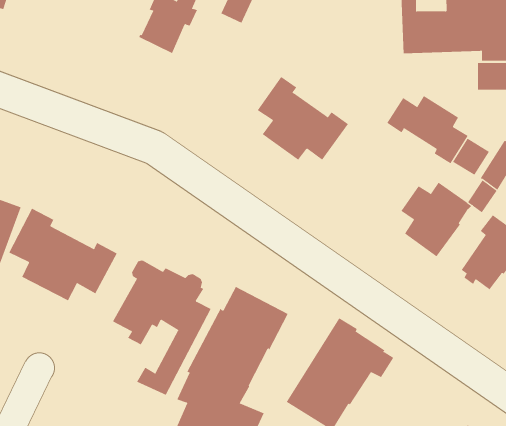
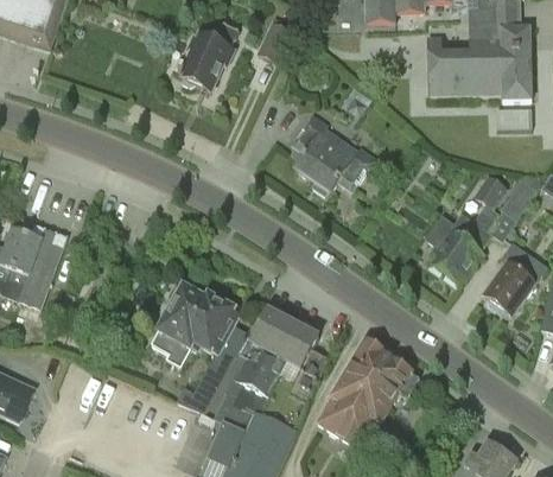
building: [386,95,468,164] -> none
building: [9,208,117,301] -> none

